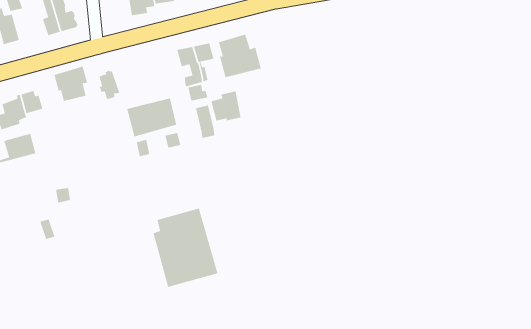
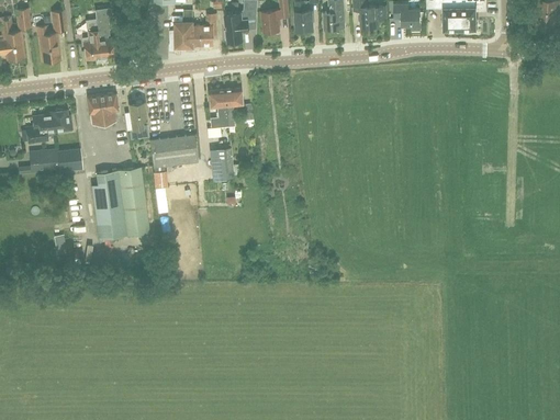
building: [218,33,262,78] -> none
building: [211,91,241,122] -> none
building: none -> [58,147,82,170]
building: [153,208,218,288] -> [92,168,149,240]

